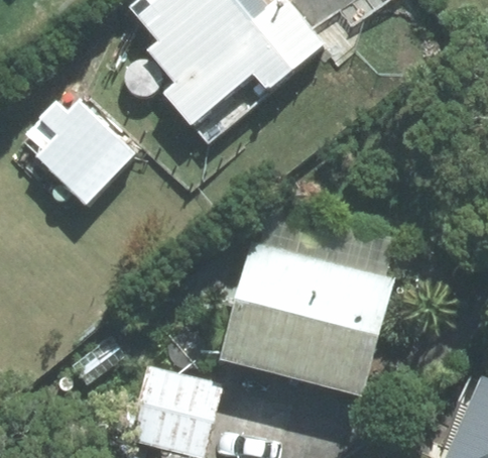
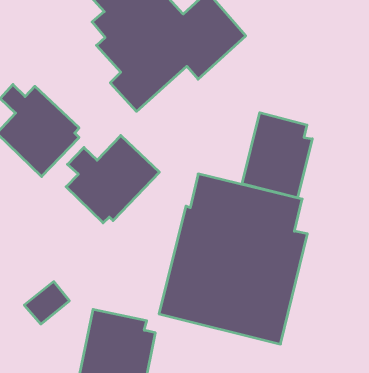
building: none -> [242,113,312,198]
building: none -> [66,135,159,223]

